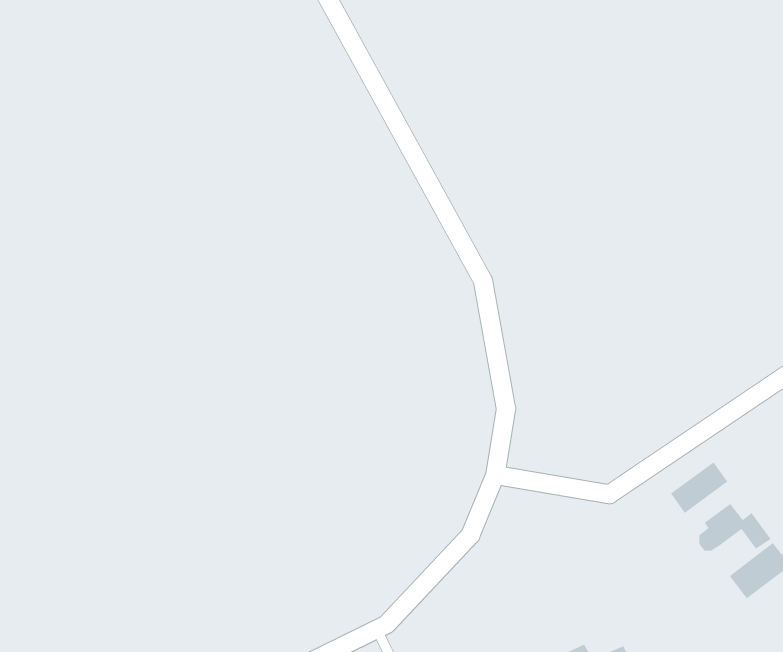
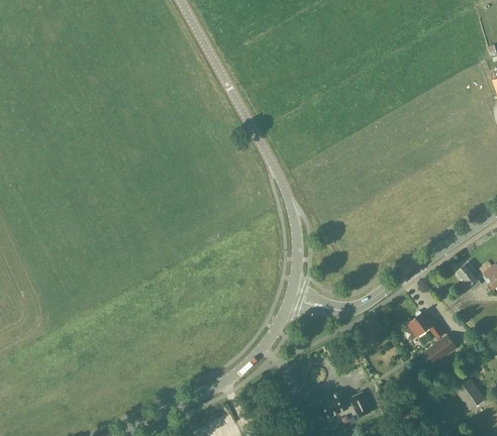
building: [670,461,728,514] -> none

